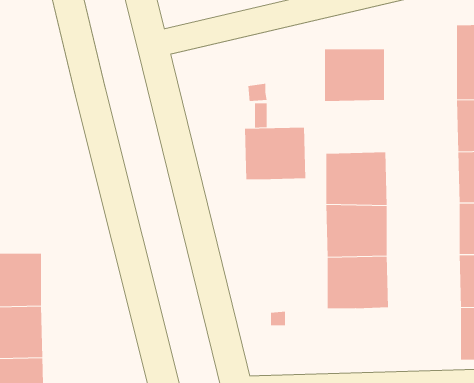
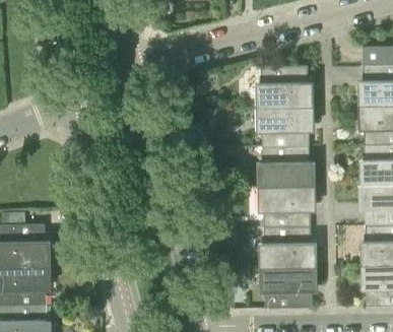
building: [244,127,306,180] -> [262,105,310,145]
building: none -> [264,264,312,306]

